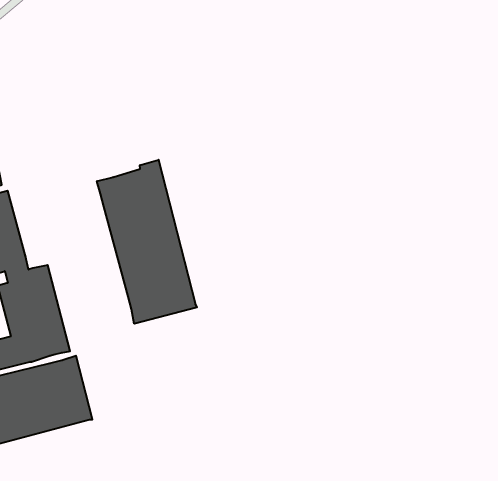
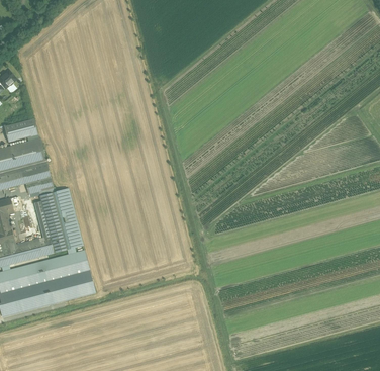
building: [97,160,197,324] -> none

